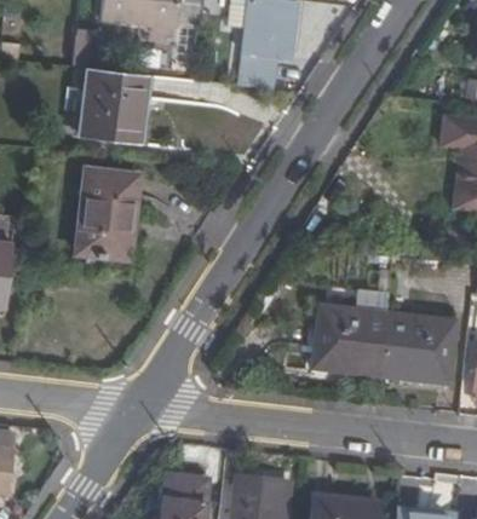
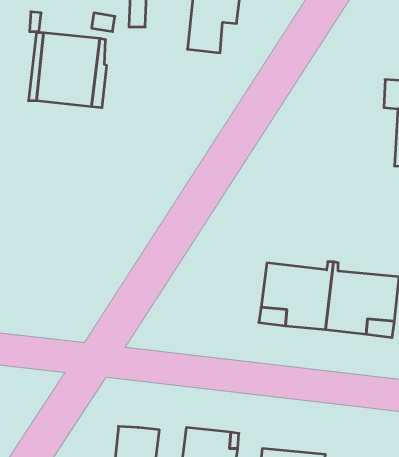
building: [73,168,139,271] -> none

